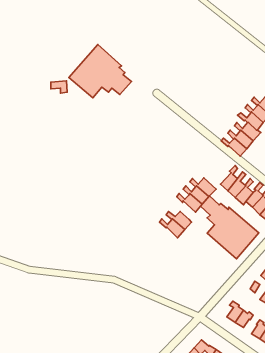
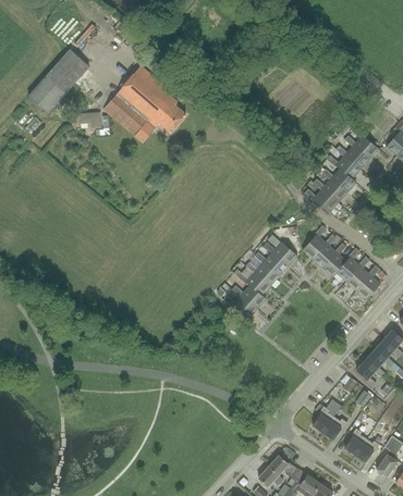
building: none -> [26,49,89,114]
building: [201,196,259,259] -> none
building: none -> [236,266,270,296]

